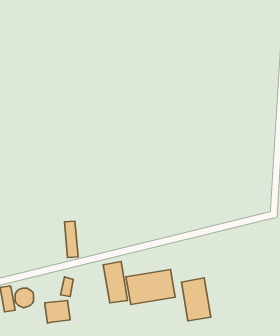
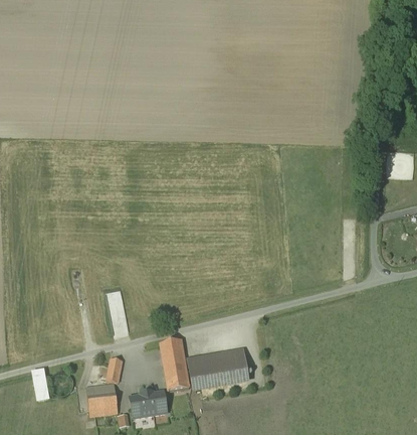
building: [182,278,211,321] -> none
building: none -> [130,390,168,416]

